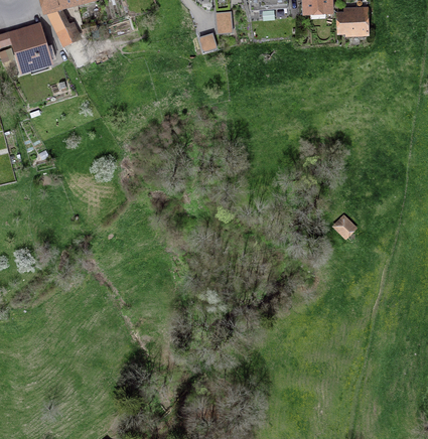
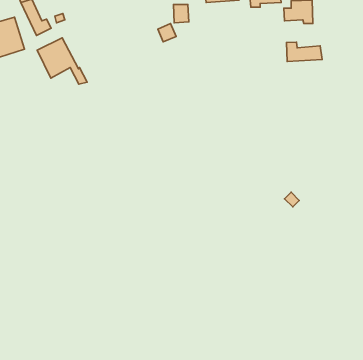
building: none -> [37,38,87,84]
building: none -> [287,42,322,62]

